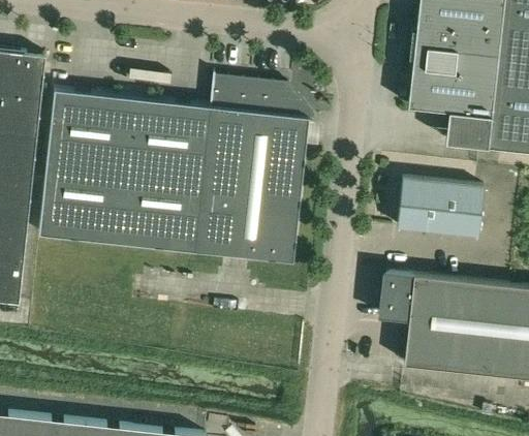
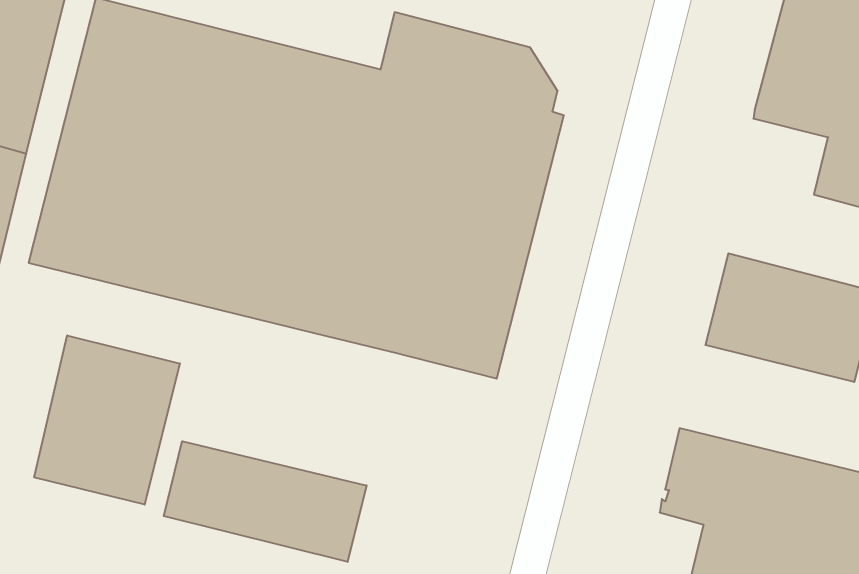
building: none -> [34,335,180,505]
building: none -> [164,441,367,562]

